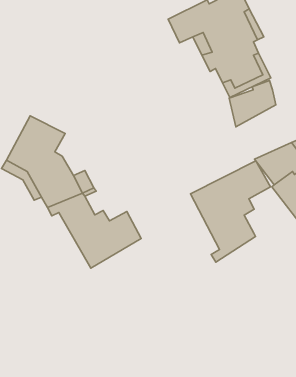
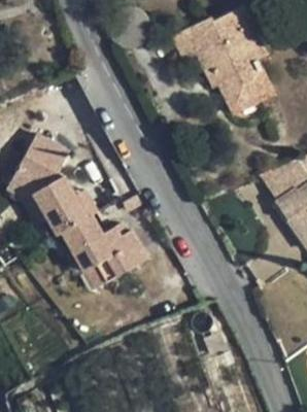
building: [229,80,276,127] -> none
building: [190,161,271,262] -> none

